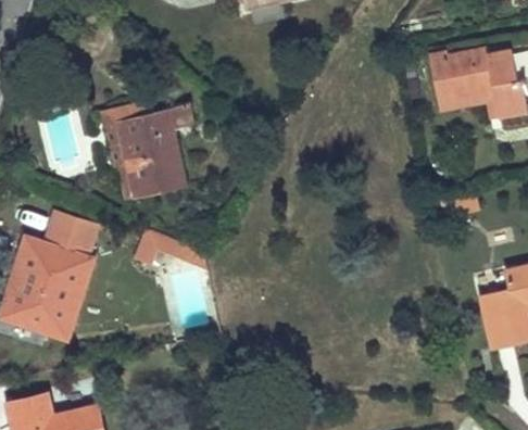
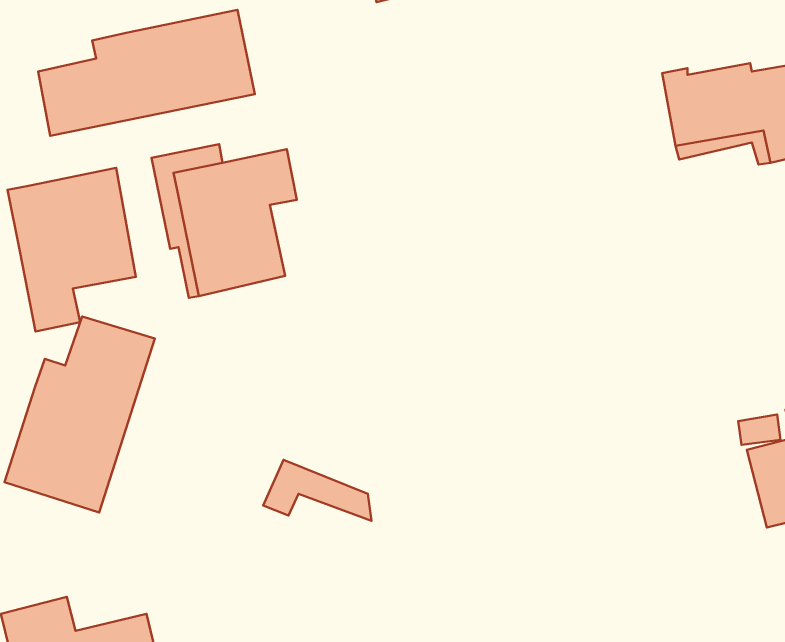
building: none -> [38,10,255,136]
building: none -> [8,168,136,332]
building: [135,228,204,267] -> [263,460,371,521]

